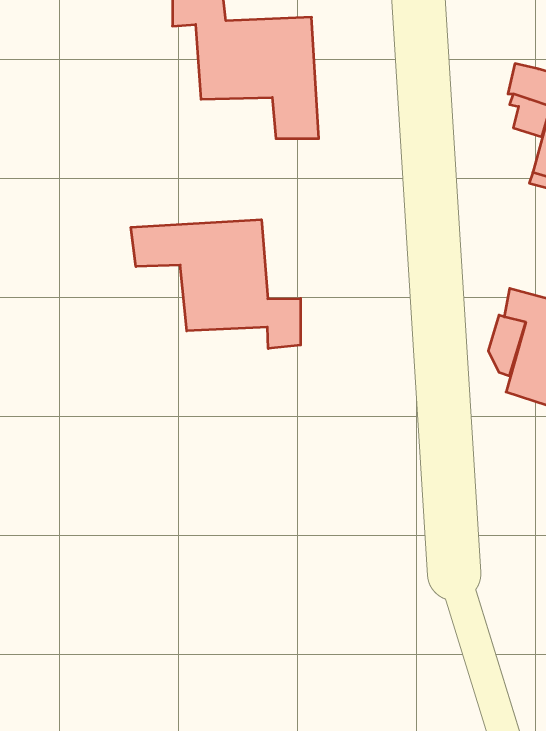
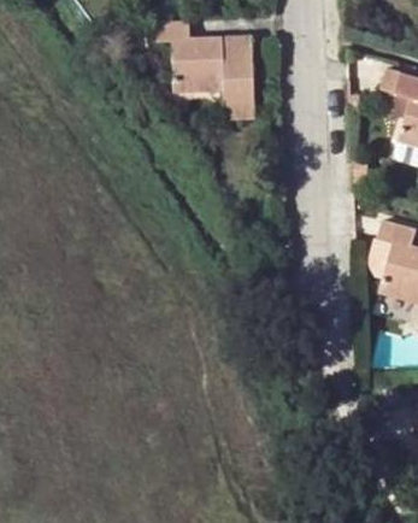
building: [131,220,301,349] -> none

